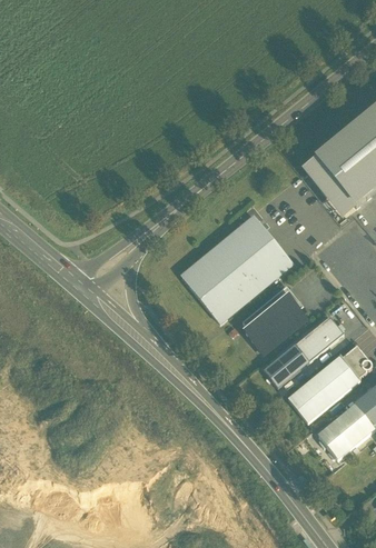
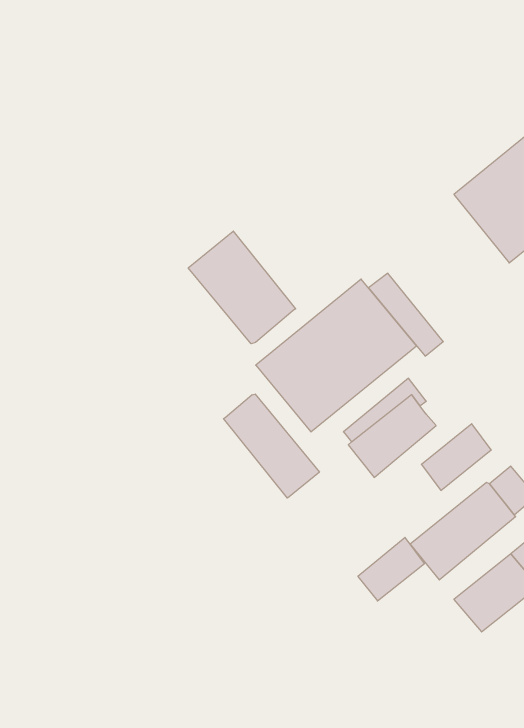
building: [304,158,355,215] -> [368,273,443,356]
building: none -> [188,231,296,344]
building: none -> [224,394,319,498]
building: [263,342,308,386] -> [358,537,425,601]

